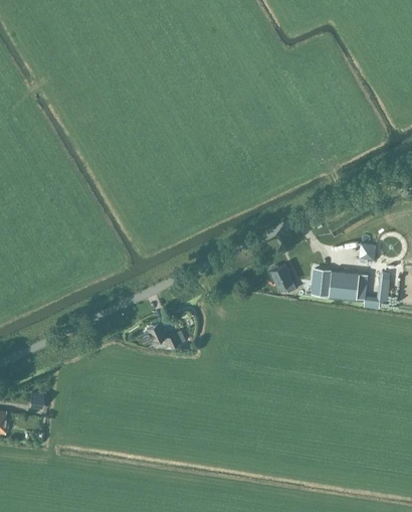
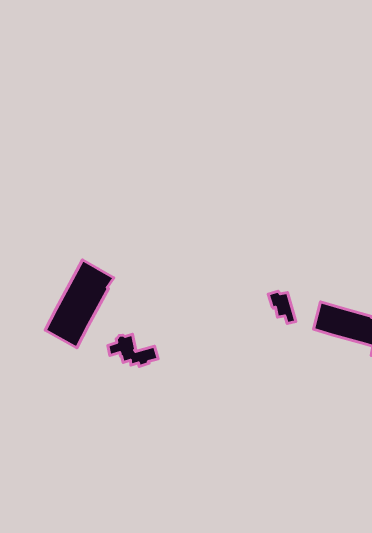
building: none -> [45,260,114,348]

